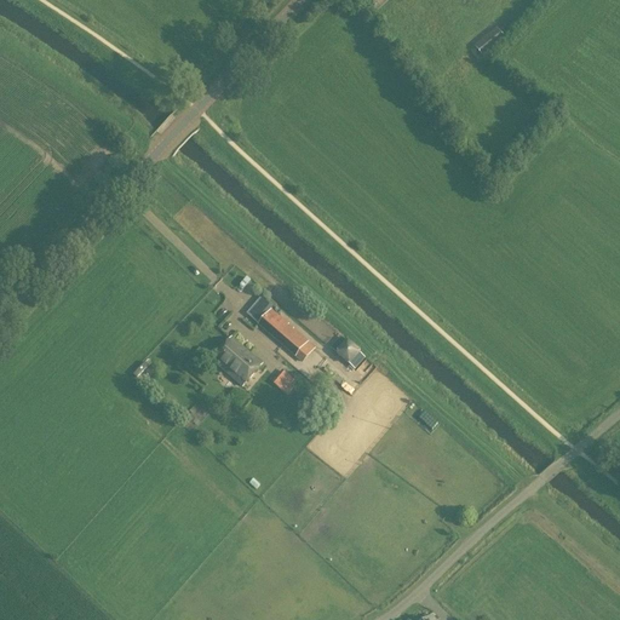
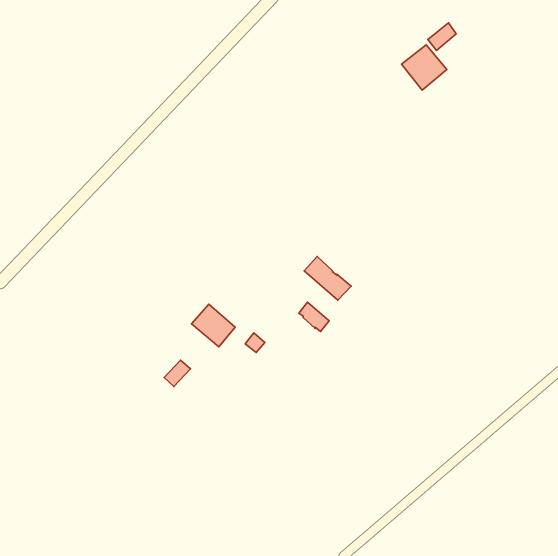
building: none -> [402,45,447,90]
building: [258,306,310,355] -> [304,256,351,300]

